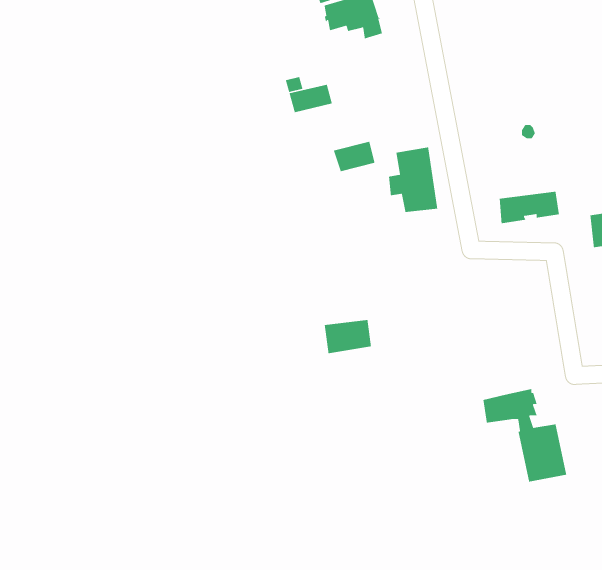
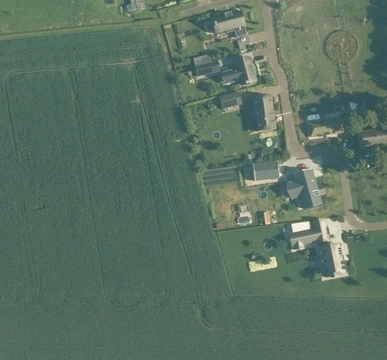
building: none -> [229,57,255,84]
building: none -> [293,168,319,207]
building: [324,319,372,354] -> [252,161,278,180]

